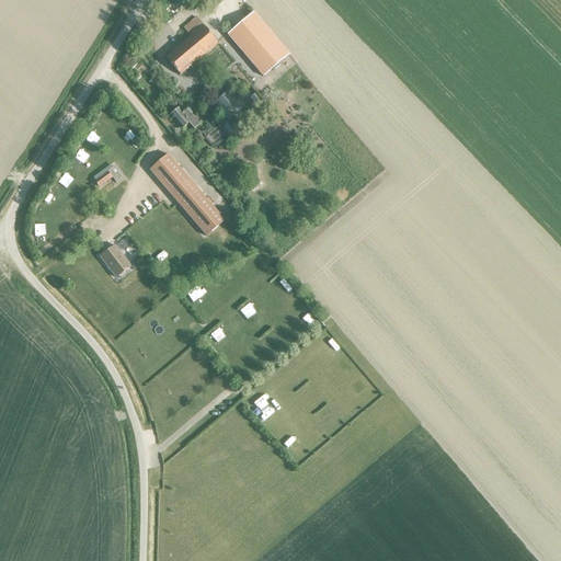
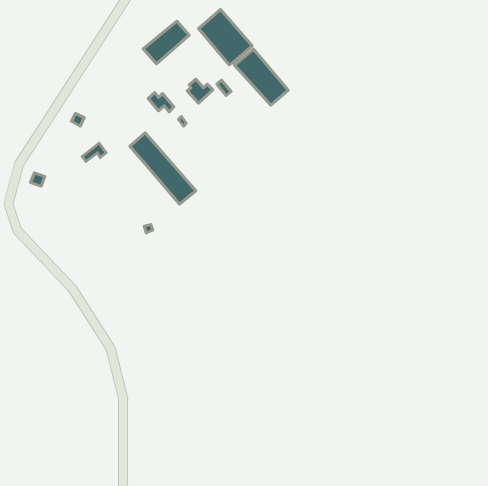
building: none -> [235,49,288,105]
building: [100,244,130,276] -> none

